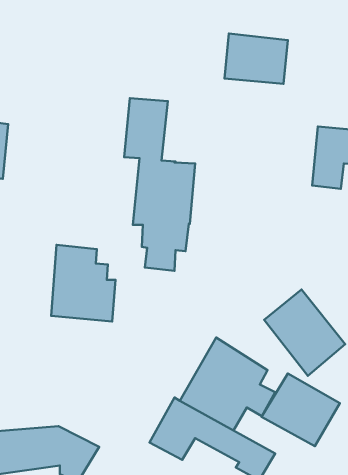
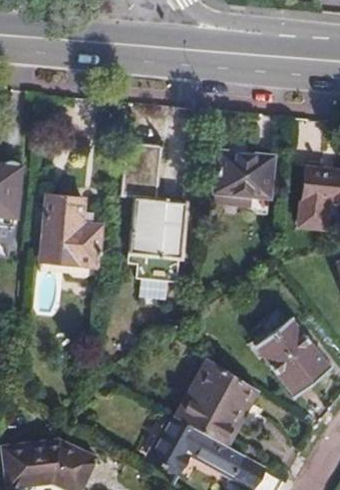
building: [224,34,288,84] -> [221,151,279,197]
building: [51,245,116,321] -> [40,193,99,264]
building: [262,374,340,446] -> none

